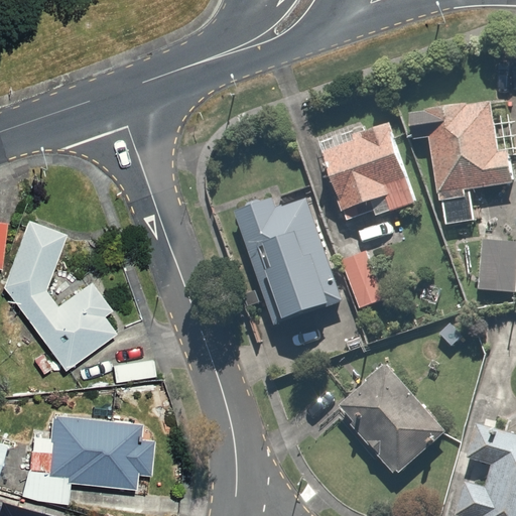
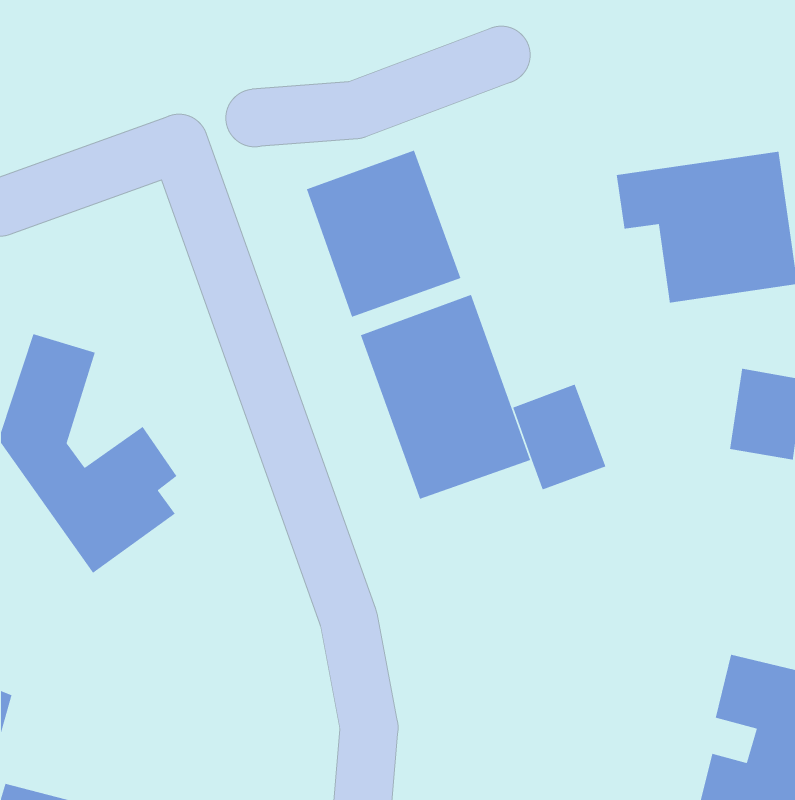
building: [319,120,419,228] -> [306,150,461,318]
building: [332,364,444,478] -> none
building: [27,417,160,506] -> none

